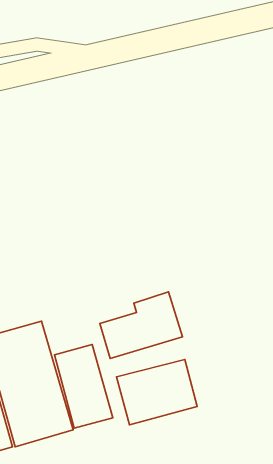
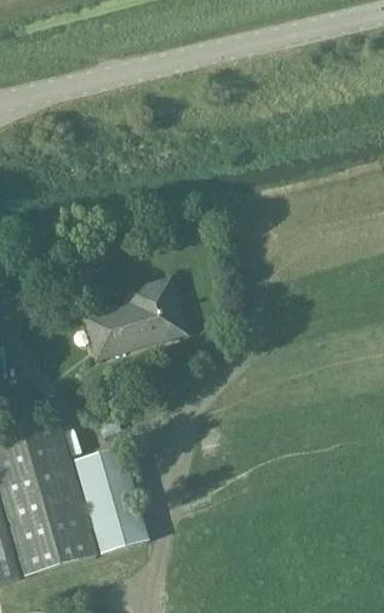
building: [100,292,182,358] -> [81,276,188,362]
building: [117,359,197,425] -> none

